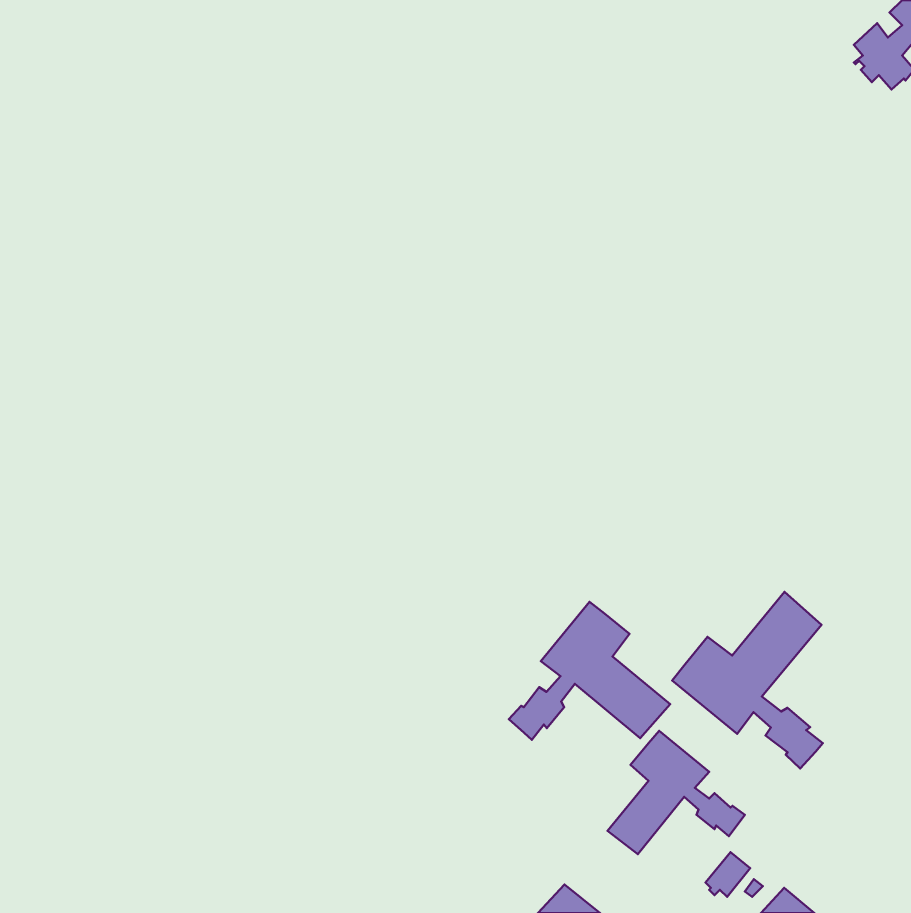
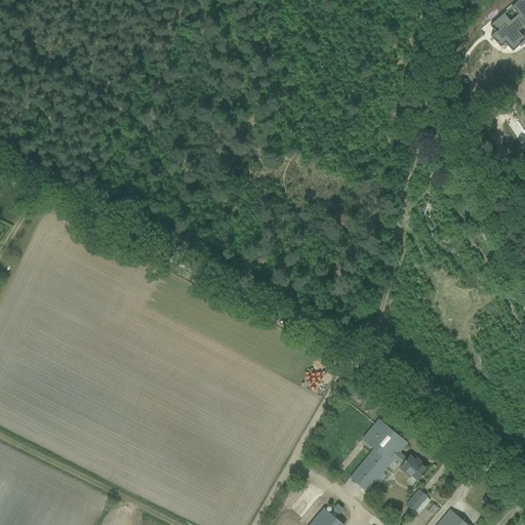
building: [672,592,823,769] -> none
building: [509,602,670,740] -> none

